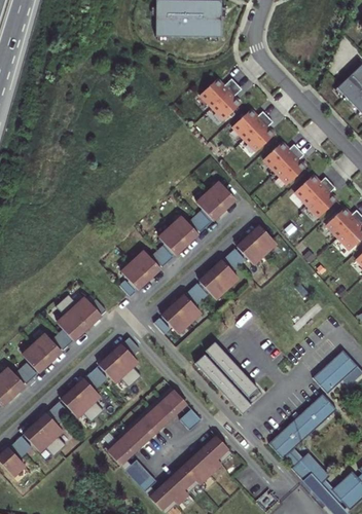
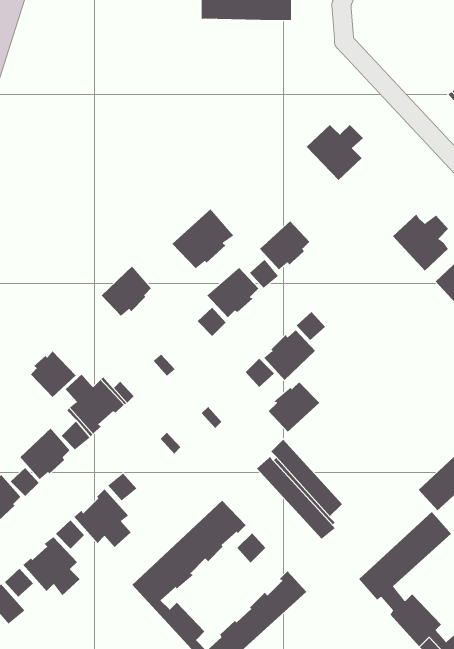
building: [198,79,241,120] -> none
building: [261,144,303,186] -> none
building: none -> [172,209,234,269]
building: [238,226,276,263] -> none
building: [121,250,158,287] -> [101,266,152,317]
building: none -> [30,351,76,398]
building: [162,295,201,332] -> [268,381,320,433]
building: [99,341,142,386] -> none

